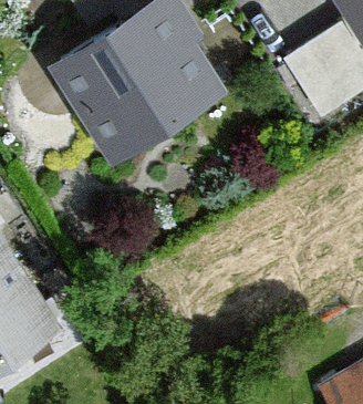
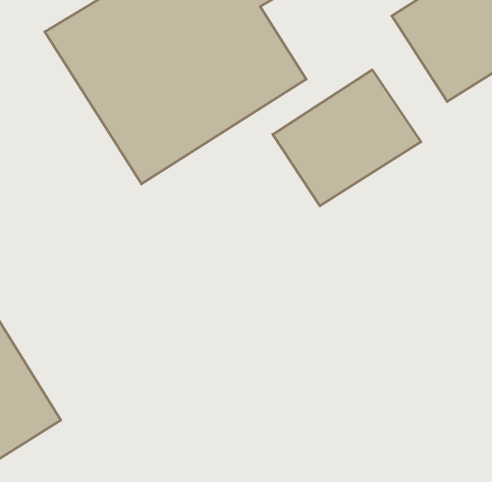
building: none -> [273,70,421,206]

